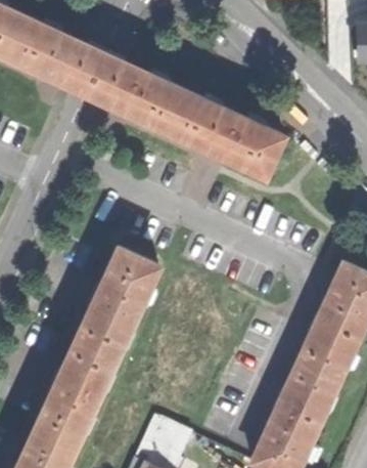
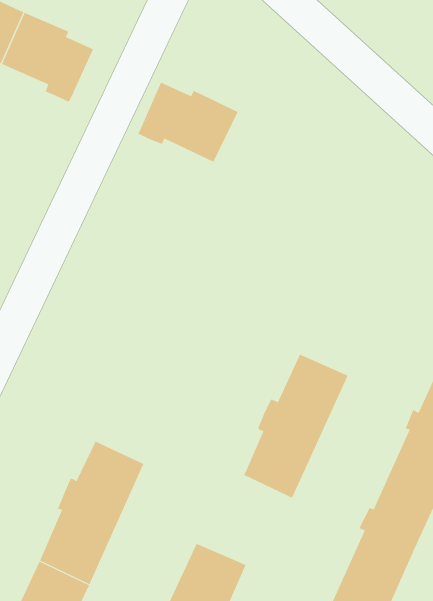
building: [57,33,152,105] -> none
building: [168,93,283,175] -> none
building: [79,249,157,357] -> [243,354,348,498]

